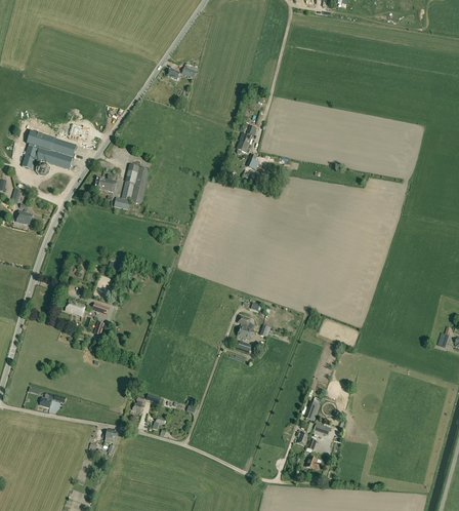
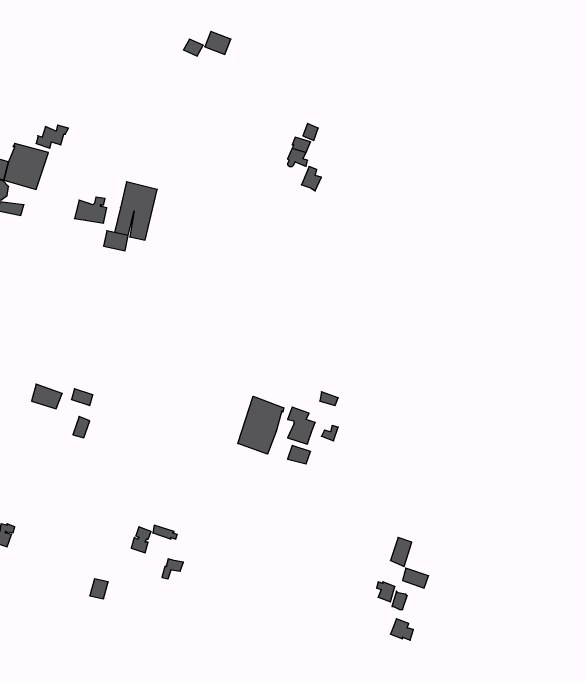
building: none -> [238,396,284,454]

